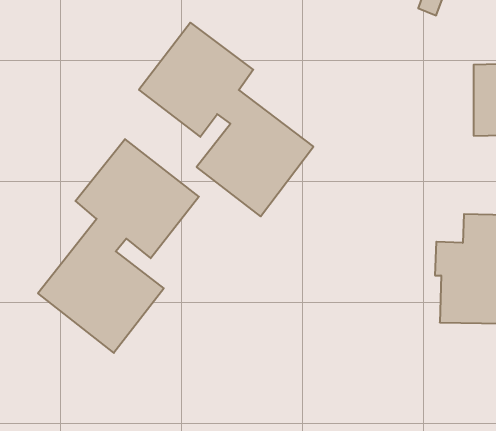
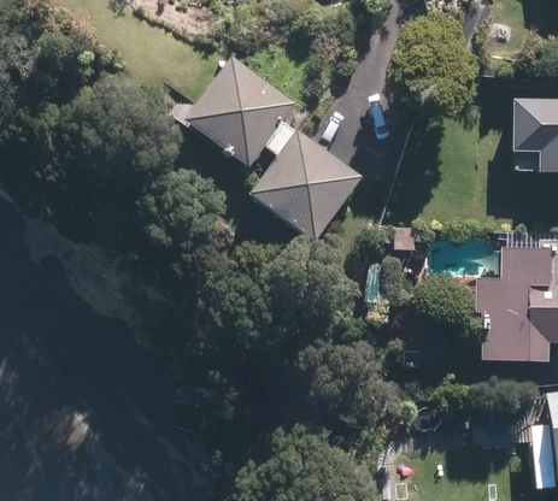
building: [38,139,199,353] -> none

